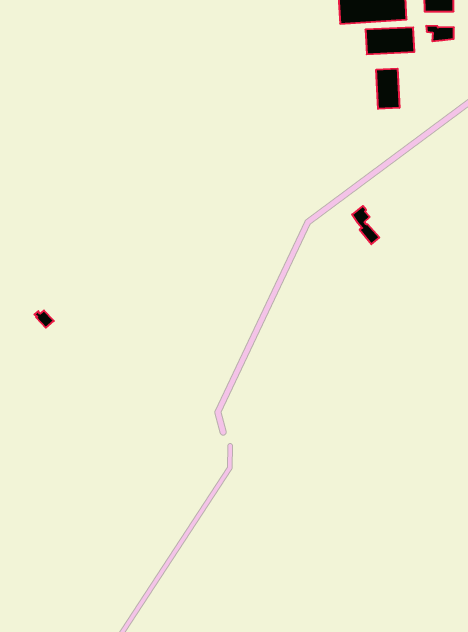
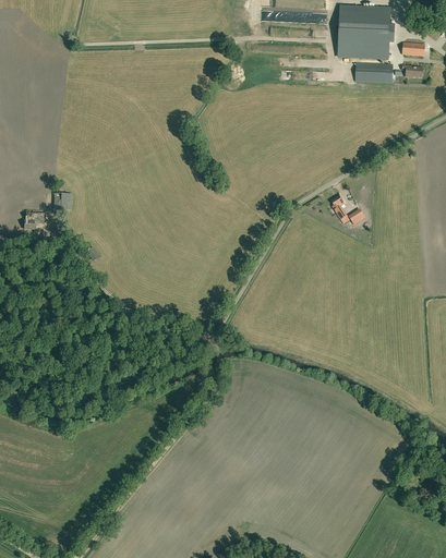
building: [376,69,399,109] -> none

